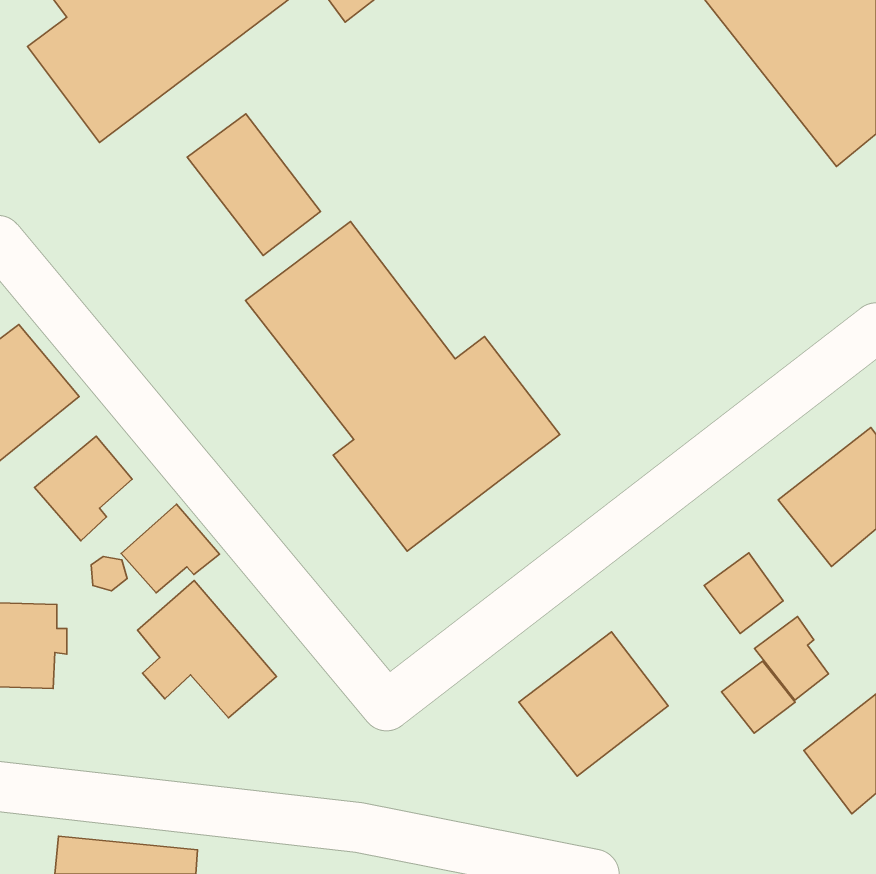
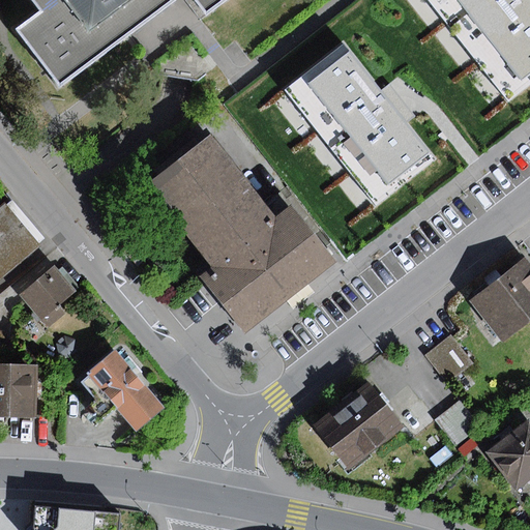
building: none -> [279,36,438,207]
building: [187,114,320,256] -> none
building: [121,504,219,593] -> none
building: [754,616,828,700] -> none

